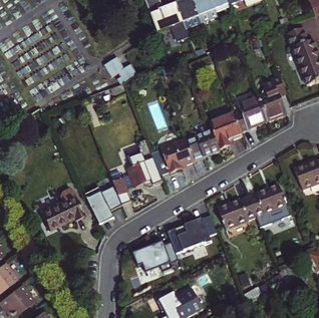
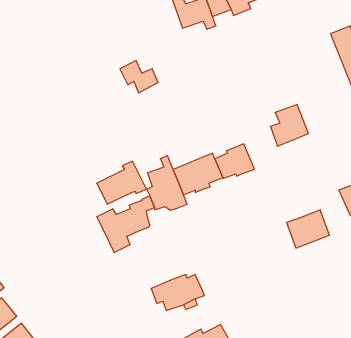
building: [258,75,286,119] -> none
building: [210,113,243,149] -> none
building: [40,189,83,226] -> [97,161,147,204]
building: [219,197,257,230] -> none
building: [167,216,217,255] -> none

